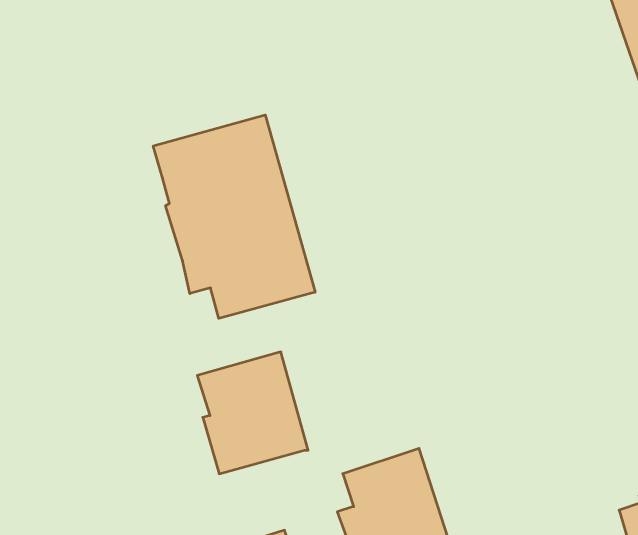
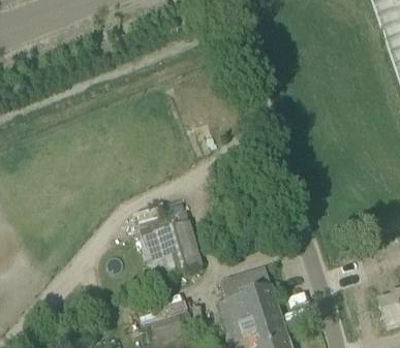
building: [153,115,315,318] -> none

